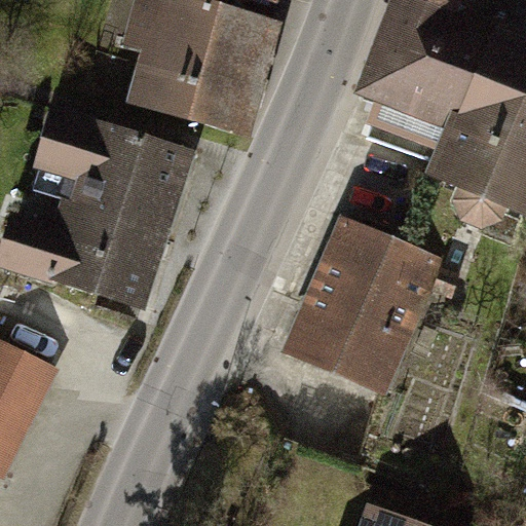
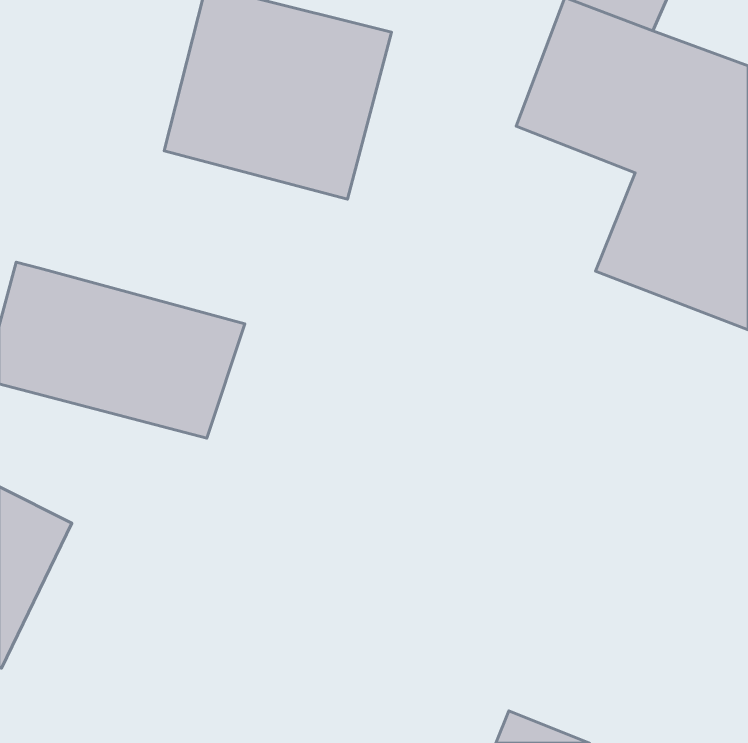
building: [28,109,197,227] -> none
building: [285,210,450,391] -> none

